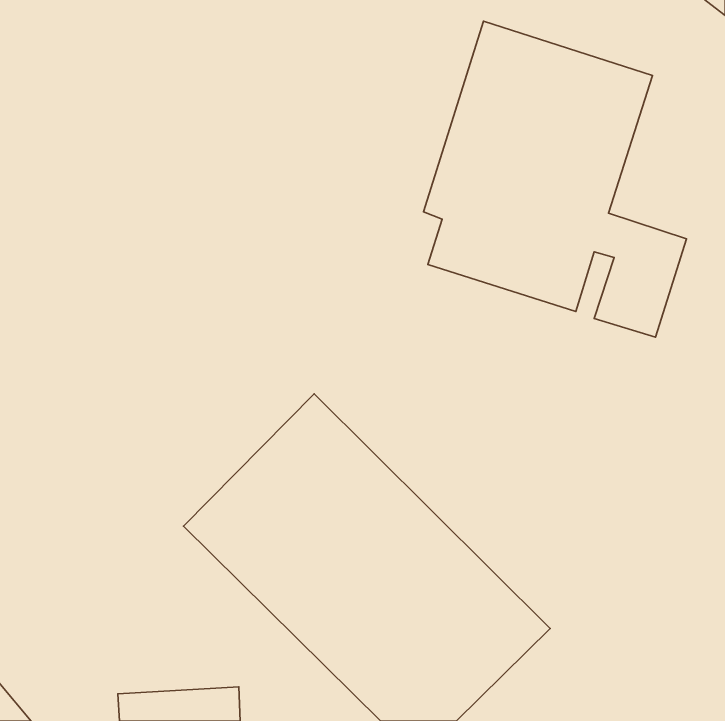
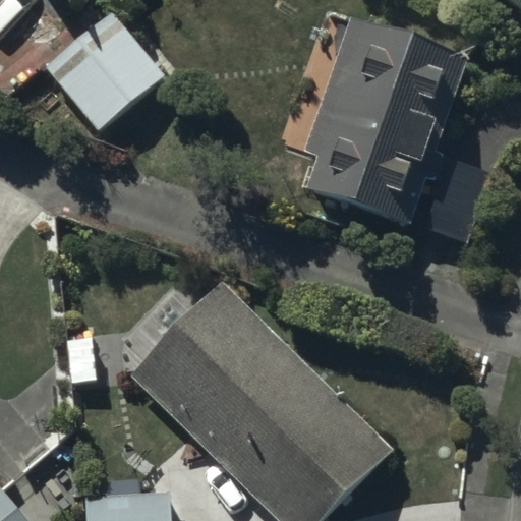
building: none -> [45,13,163,130]

